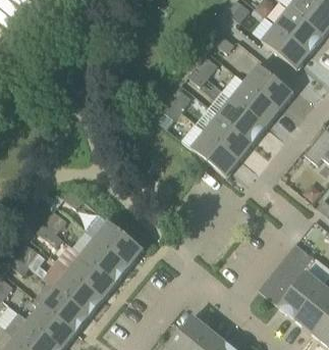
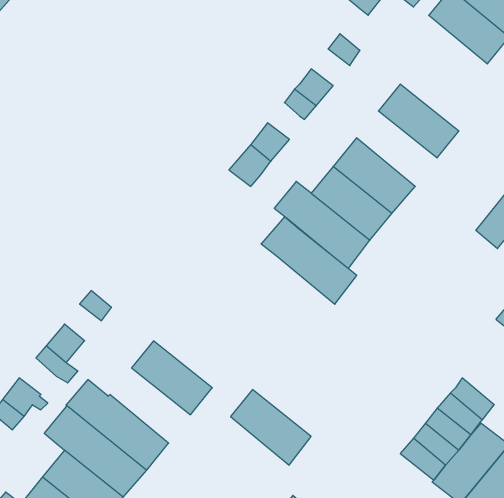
building: [261,22,311,69] -> none
building: [222,73,280,127] -> [261,217,357,304]
building: [81,237,130,283] -> [231,390,311,465]

